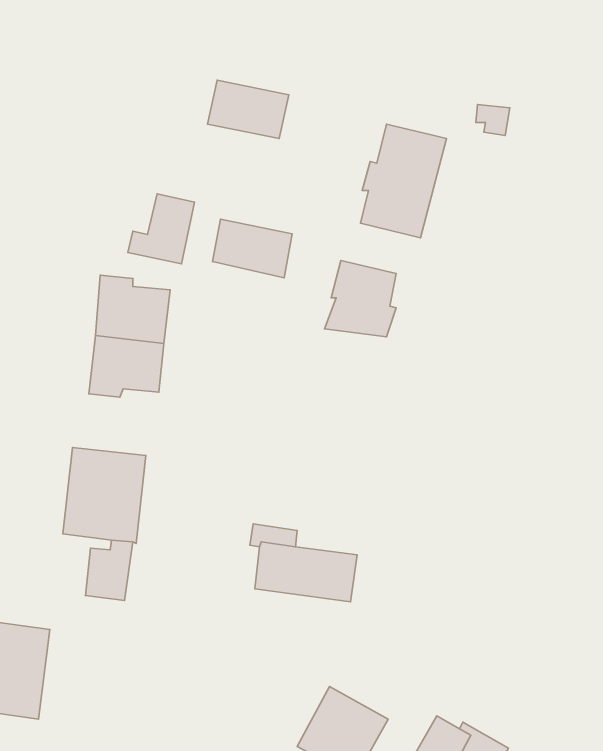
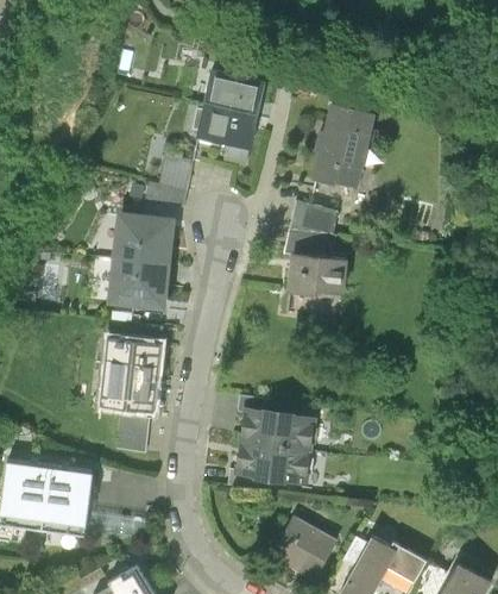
building: [212,219,292,278] -> [197,102,256,145]
building: none -> [292,254,353,300]
building: none -> [233,443,308,487]

